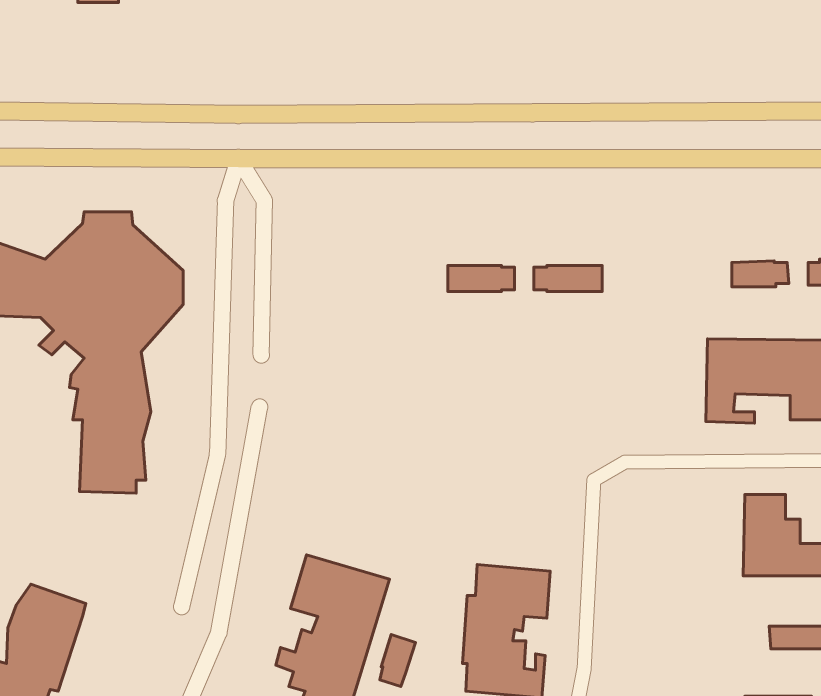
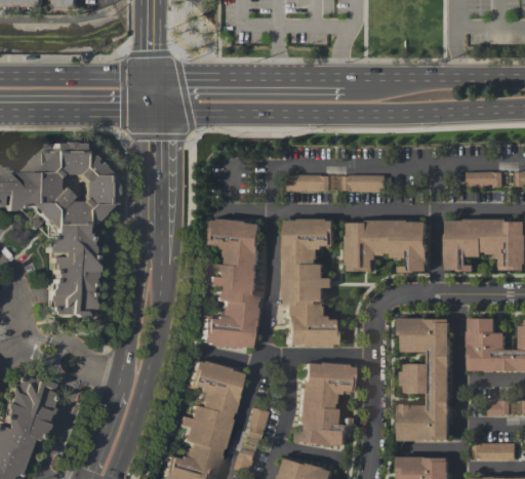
building: none -> [199,222,264,350]
building: none -> [287,222,336,346]
building: none -> [344,223,423,273]
building: none -> [399,319,451,438]

